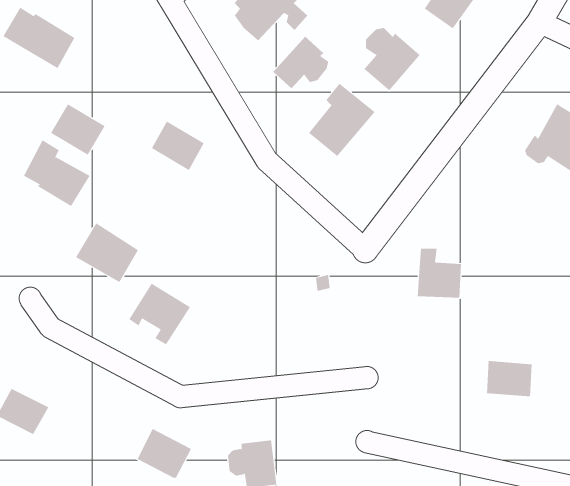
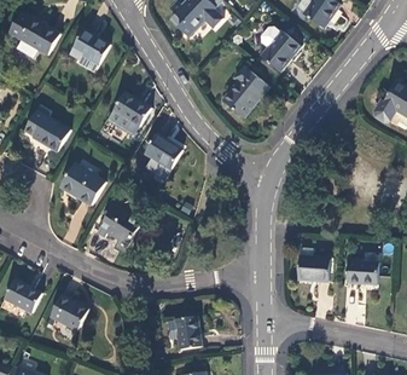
building: [272,36,329,89] -> none
building: [50,104,105,155] -> [71,28,110,64]
building: none -> [144,133,182,168]
building: [417,248,462,298] -> [297,246,328,281]
building: [137,428,192,478] -> [50,294,88,329]

